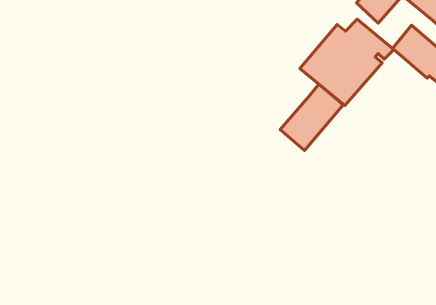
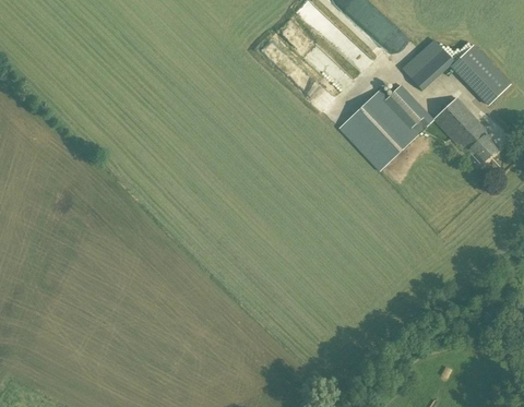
building: [280,84,343,150] -> none

